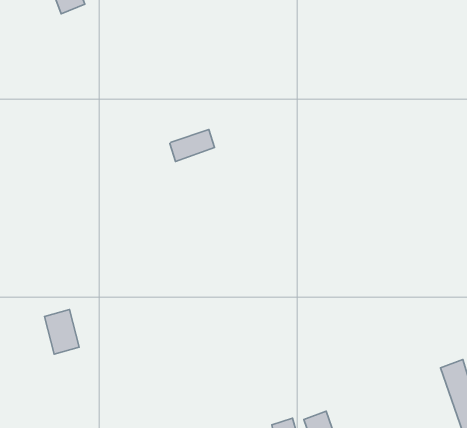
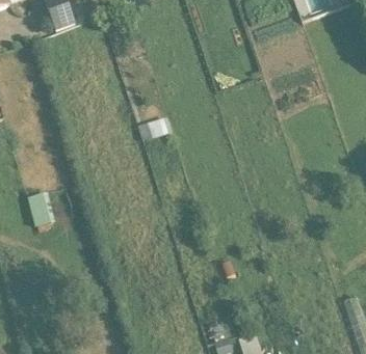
building: [44,309,79,354] -> [27,190,53,223]

